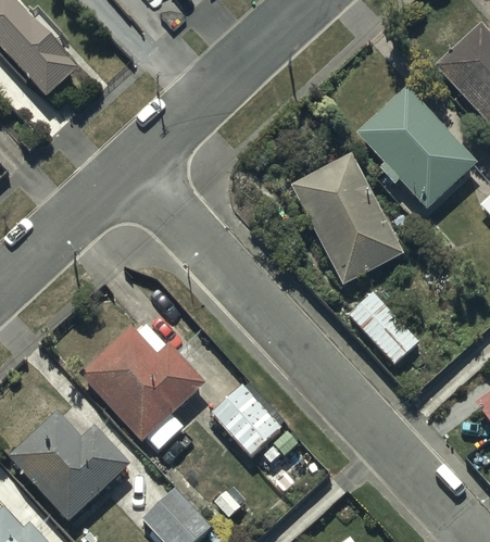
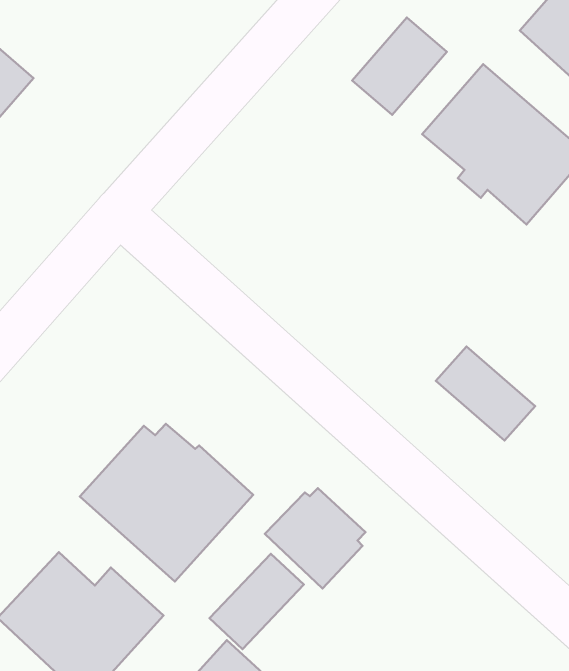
building: none -> [352,18,447,115]
building: [290,153,402,285] -> none
building: none -> [209,554,304,649]

